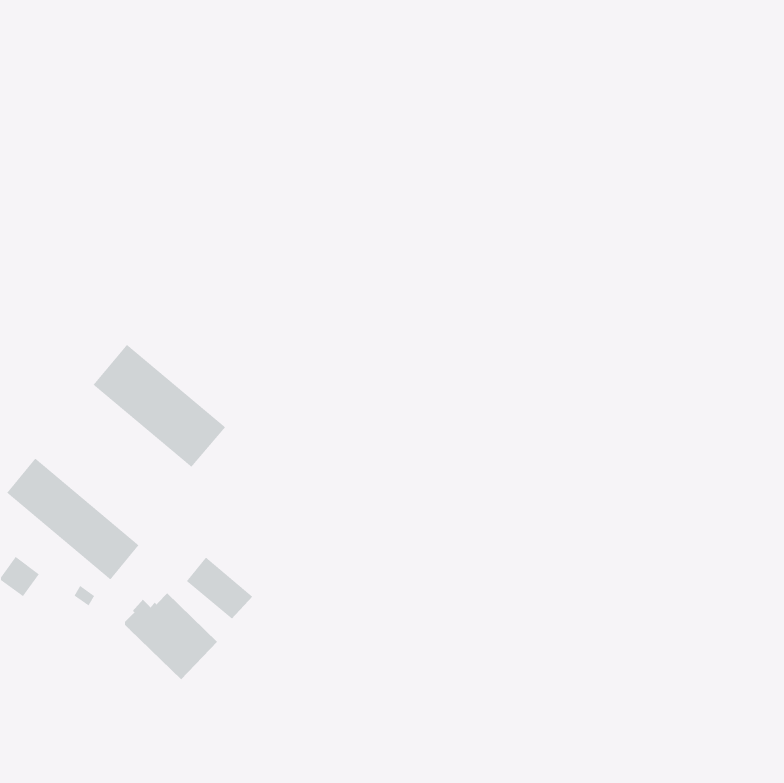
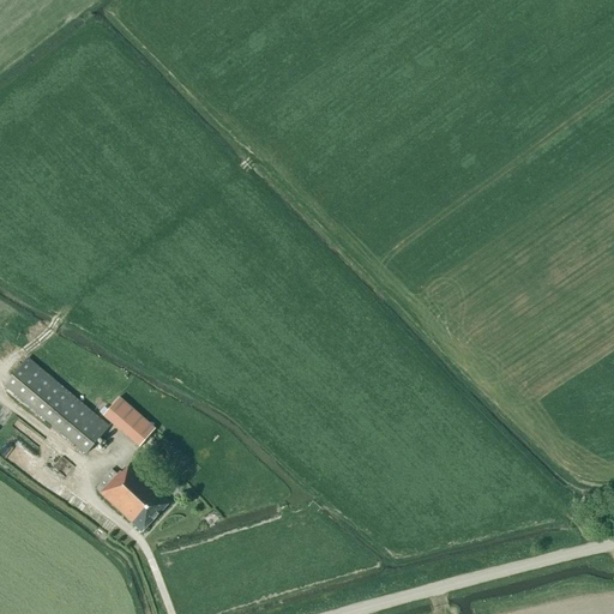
building: [92,344,226,468] -> none
building: [186,557,253,620] -> [103,397,156,446]

